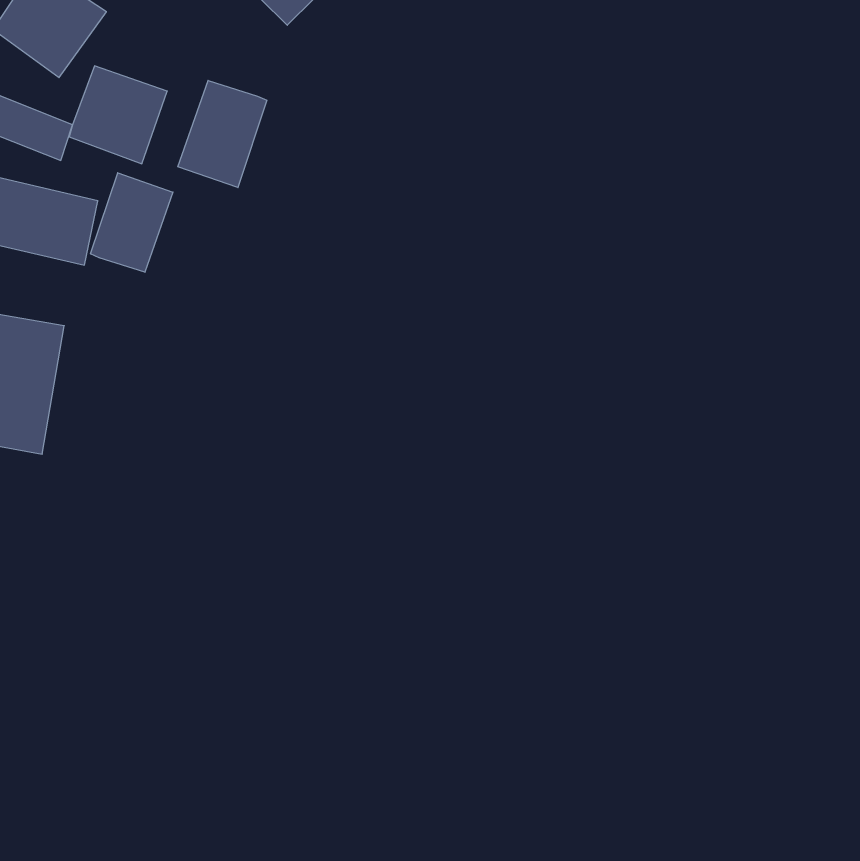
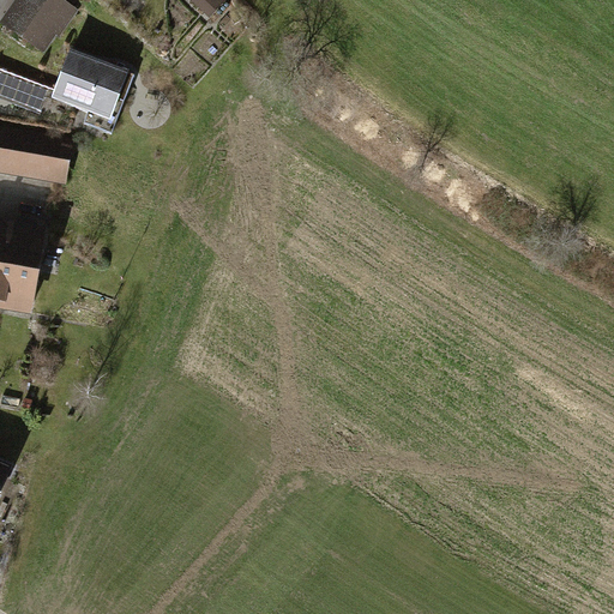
building: [178,80,267,188] -> none
building: [91,173,173,272] -> none

